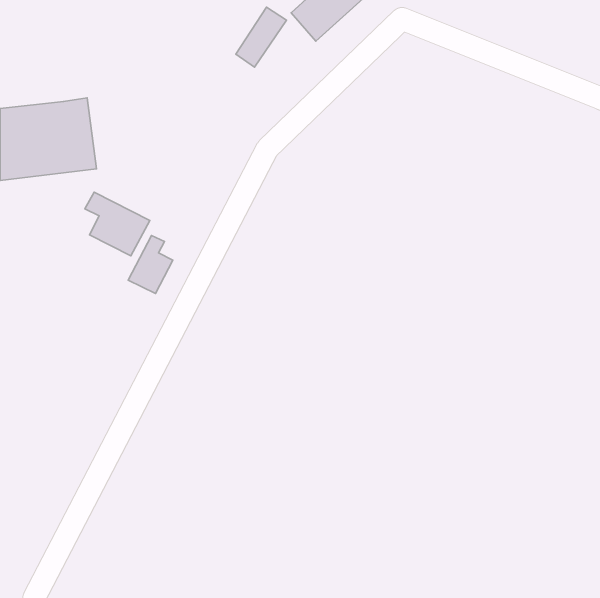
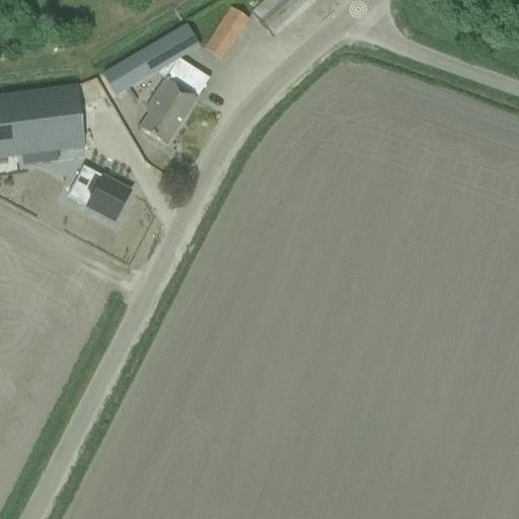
building: none -> [101,24,209,144]
building: [128,235,173,294] -> none

